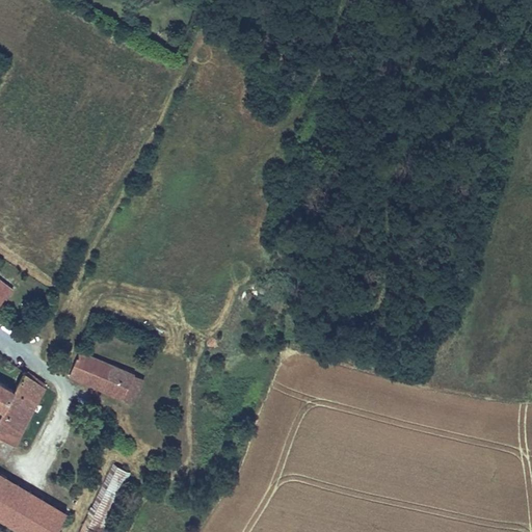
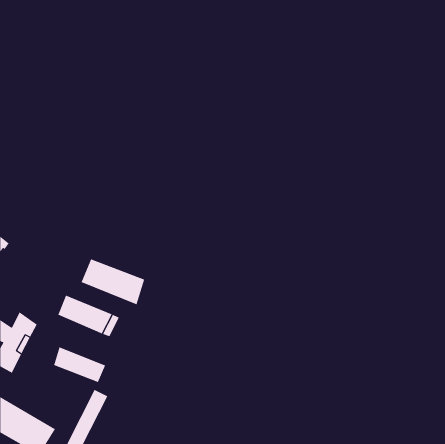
building: none -> [81,258,145,305]
building: none -> [54,346,106,383]

